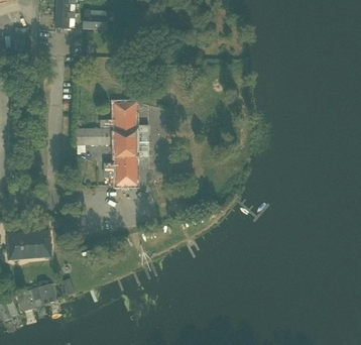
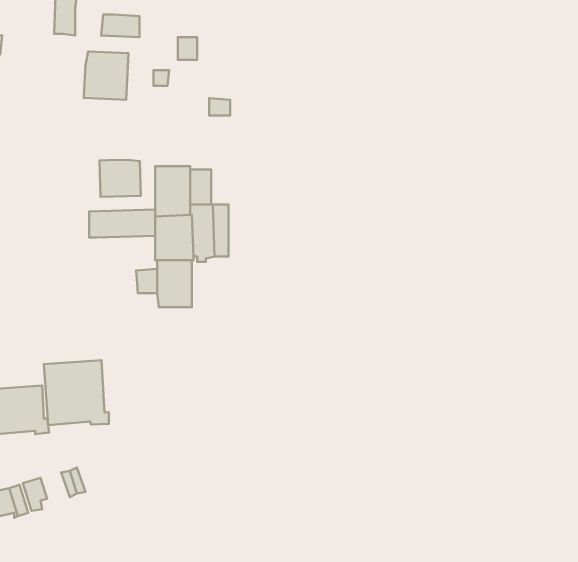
building: none -> [84,51,128,100]
building: none -> [99,160,141,197]
building: none -> [44,360,109,425]

